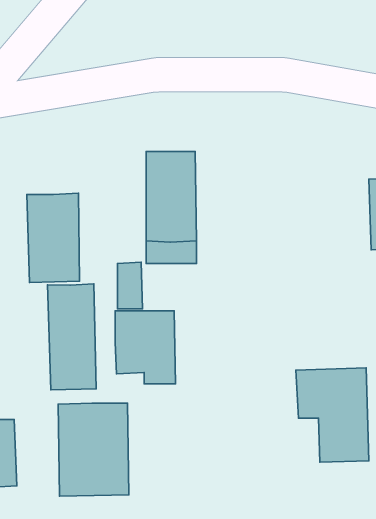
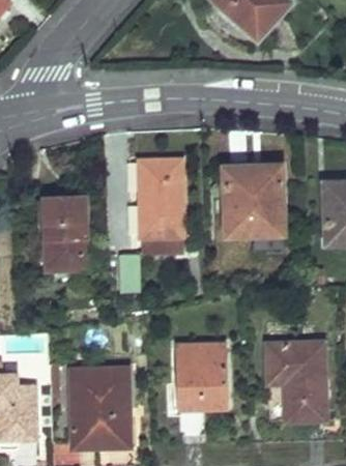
building: none -> [225,167,283,235]
building: [48,284,96,390] -> none
building: [115,311,175,384] -> [176,346,226,406]

